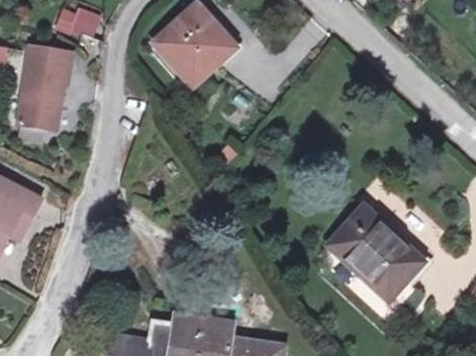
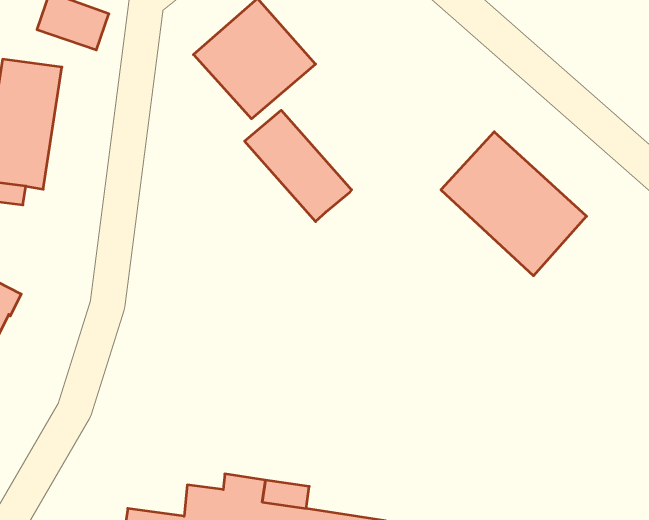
building: none -> [245,110,352,222]
building: [329,205,424,299] -> [441,132,587,276]

